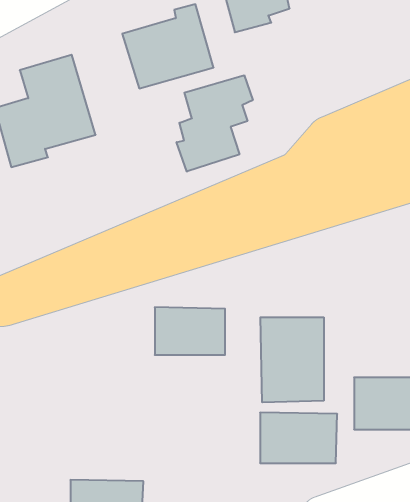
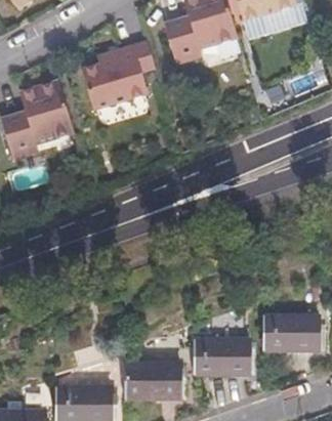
building: [177,75,253,172] -> none
building: [155,307,225,355] -> [125,364,176,398]
building: [260,317,324,402] -> none

